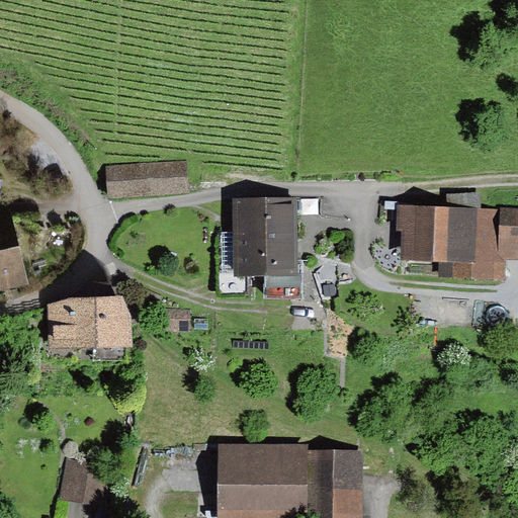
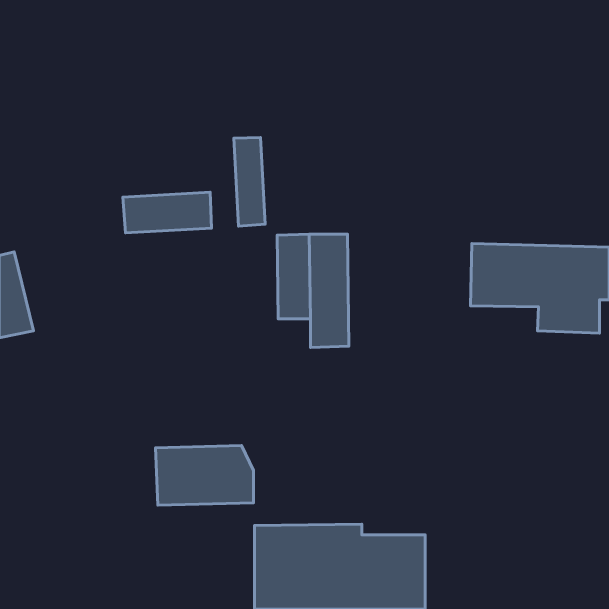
building: none -> [234,137,265,226]
building: [48,296,131,347] -> [155,445,253,505]
building: [54,464,105,509] -> none

